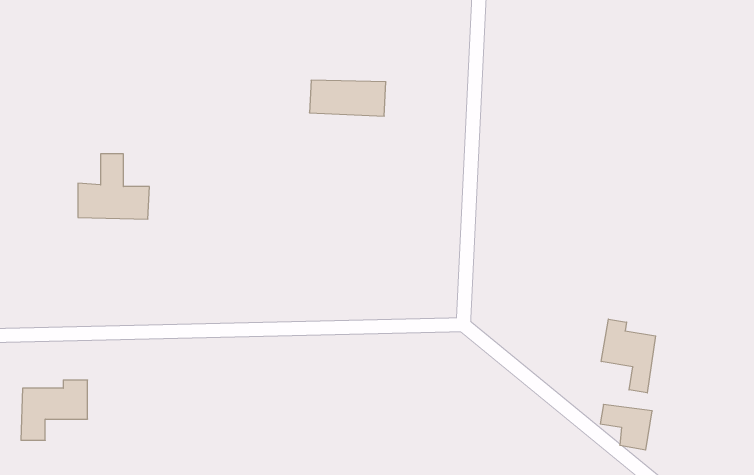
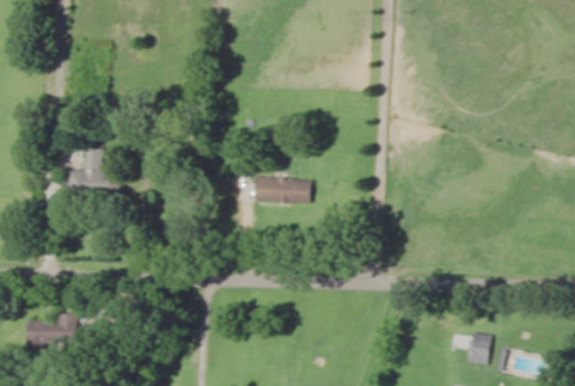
building: [309,80,386,116] -> [253,177,310,203]
building: [601,319,656,393] -> none

